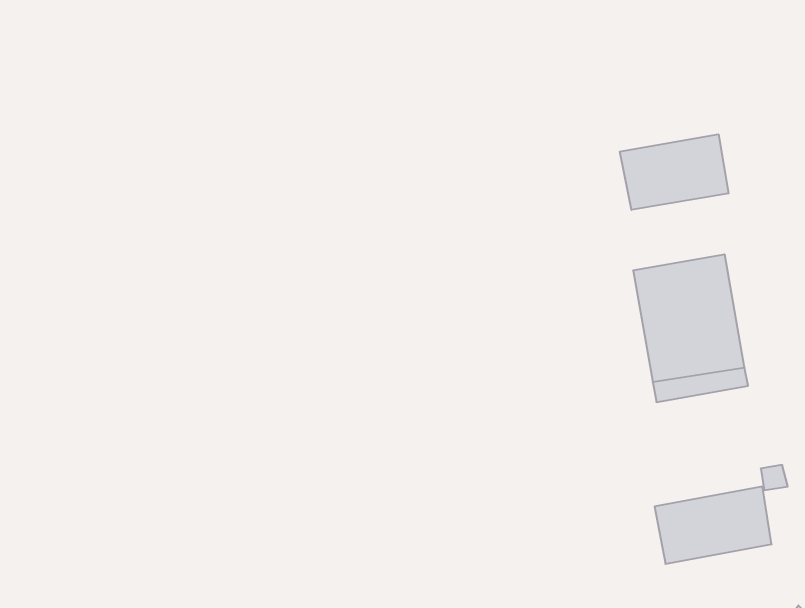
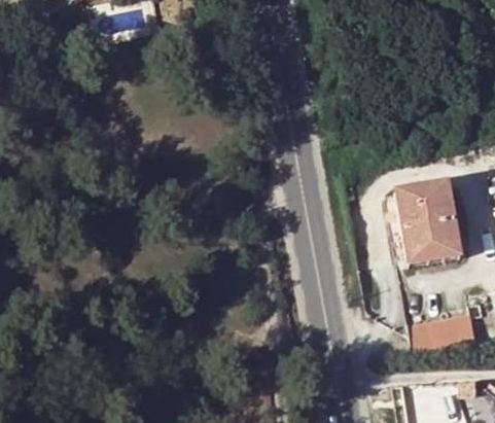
building: [620,134,729,210] -> none

